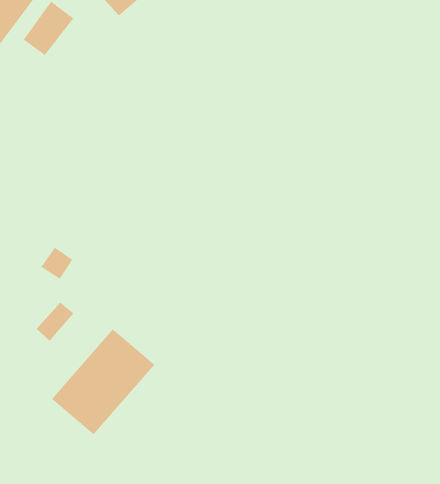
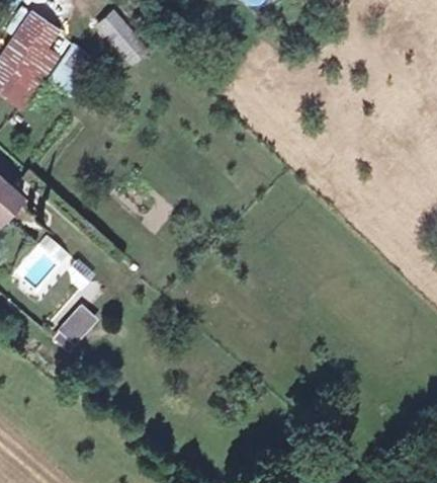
building: [51,328,155,435] -> none

